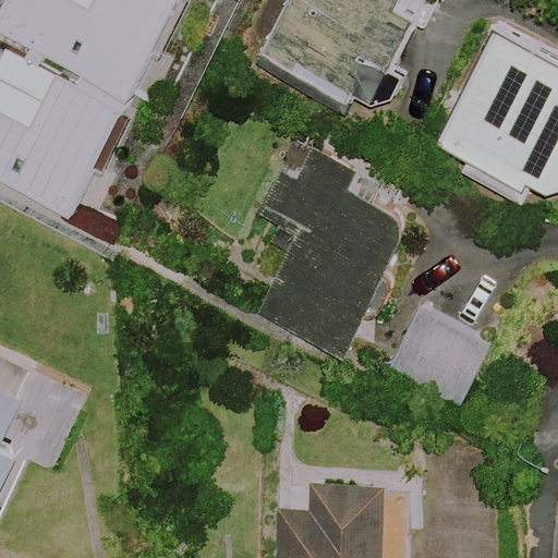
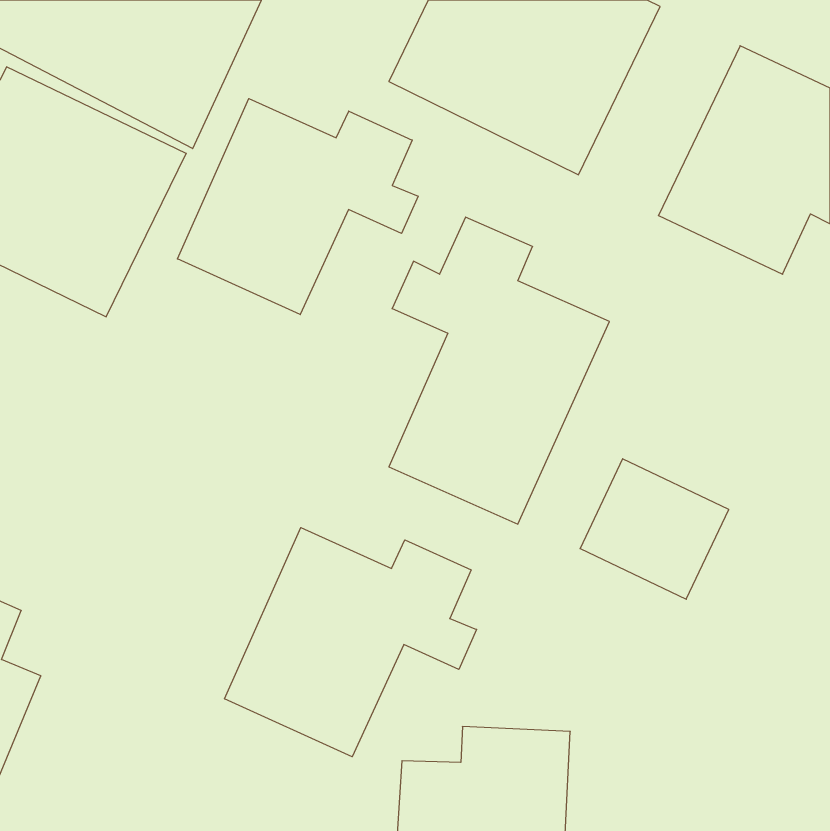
building: none -> [177,99,418,315]
building: none -> [225,528,477,757]

